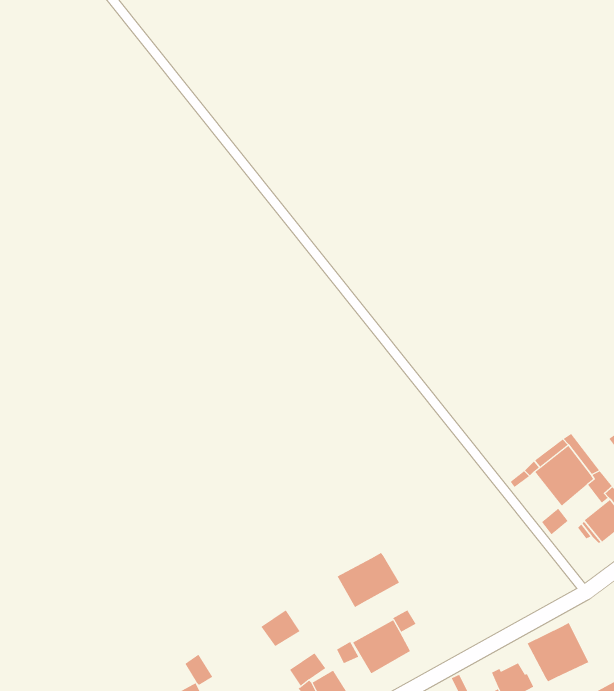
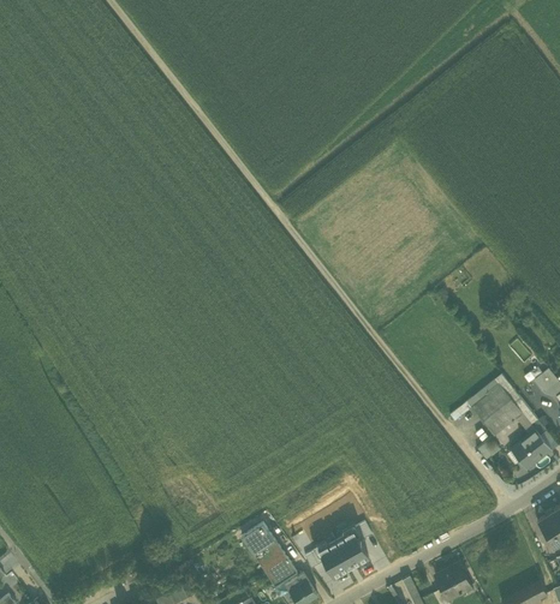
building: [337,552,400,608] -> none
building: [527,622,589,682] -> none
building: none -> [254,543,287,575]

